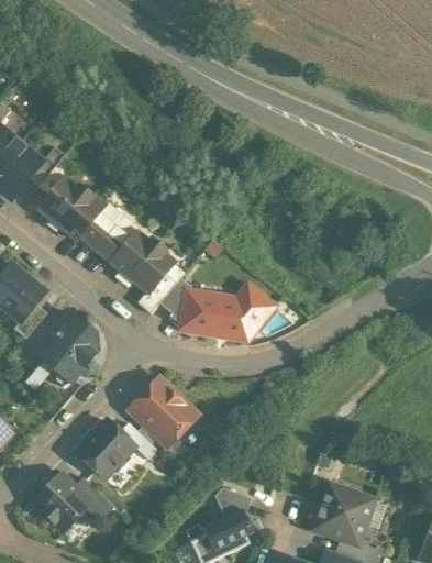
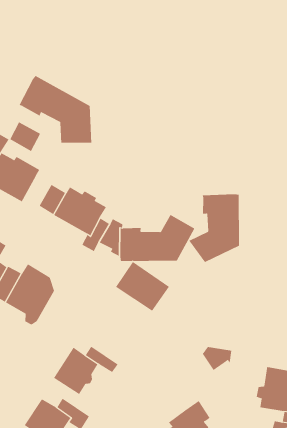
building: none -> [19,75,92,144]
building: none -> [9,121,41,152]
building: [81,213,115,249] -> none
building: none -> [189,194,240,263]
building: [132,380,196,443] -> [115,261,170,311]
building: [215,487,252,517] -> [202,346,232,371]

